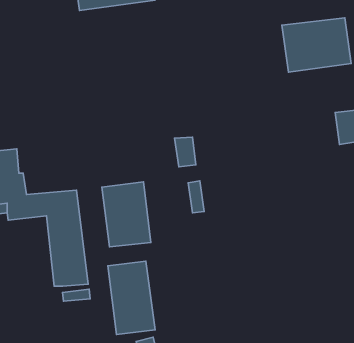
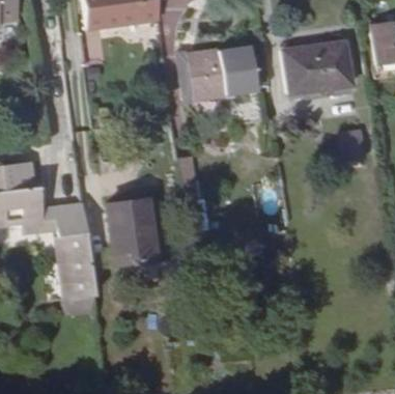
building: none -> [189,45,257,96]
building: [108,261,155,335] -> none

